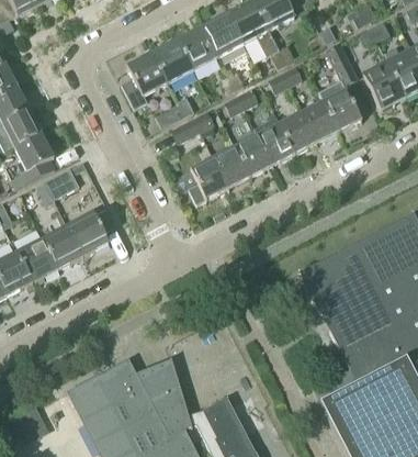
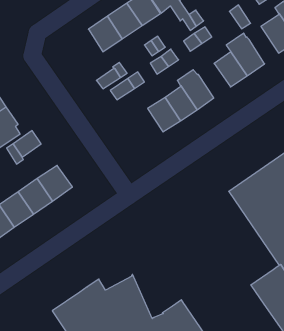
building: [121,52,167,108] -> none
building: [280,112,317,154] -> none
building: [188,157,228,203] -> none

